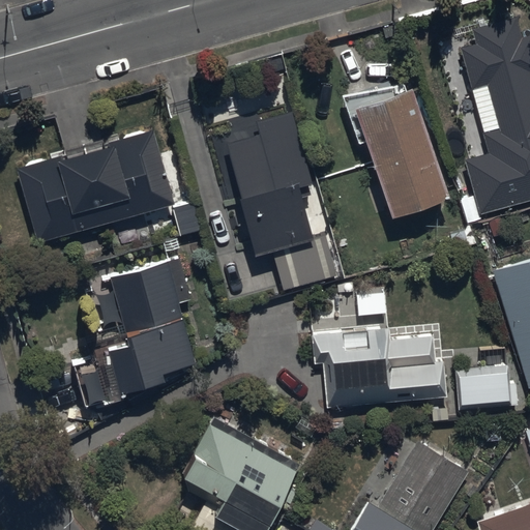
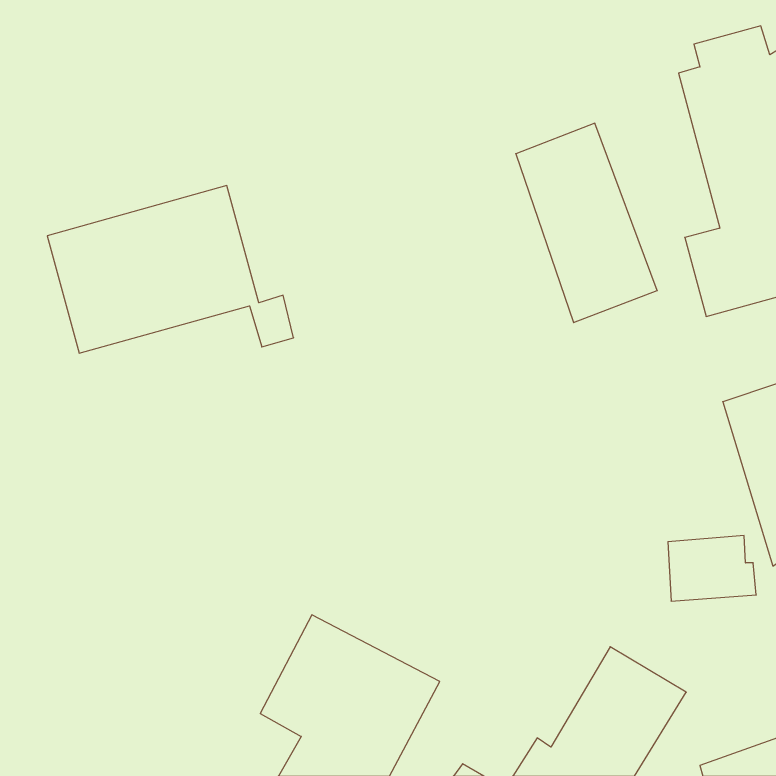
building: [226,113,337,293] -> none
building: [78,258,195,394] -> none
building: [311,327,446,407] -> none

